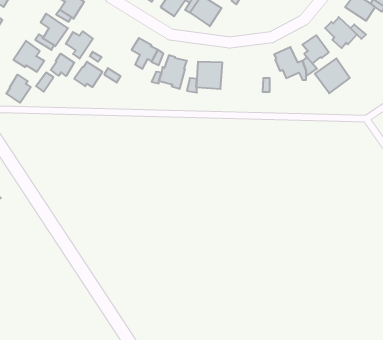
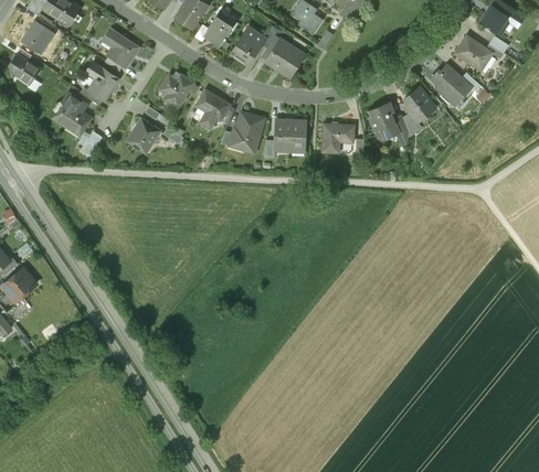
building: [66,31,93,59] -> [159,74,192,107]
building: [51,54,74,76] -> none
building: [315,58,350,93] -> none
building: none -> [321,124,355,153]
building: [6,75,31,103] -> none

